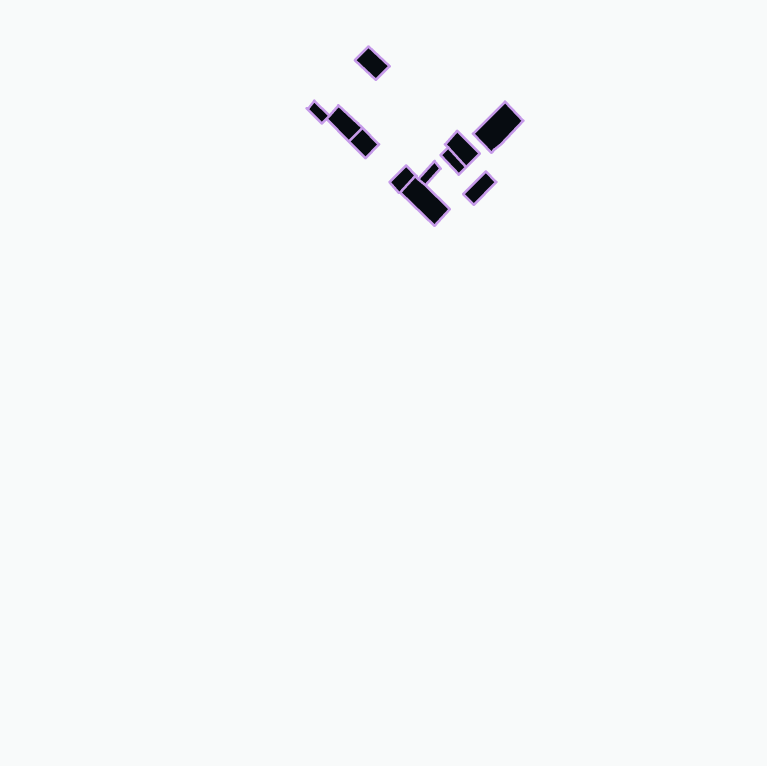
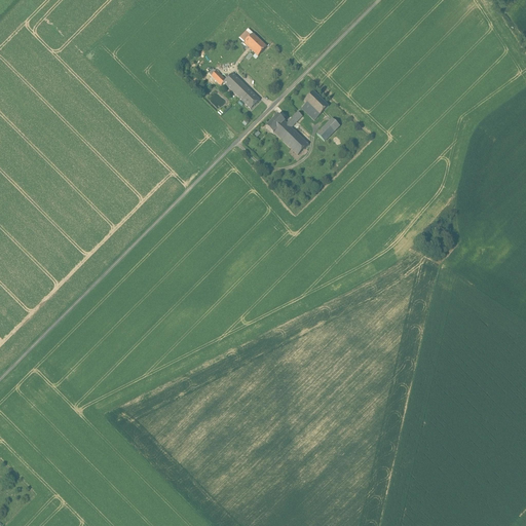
building: [473,102,523,153] -> none

